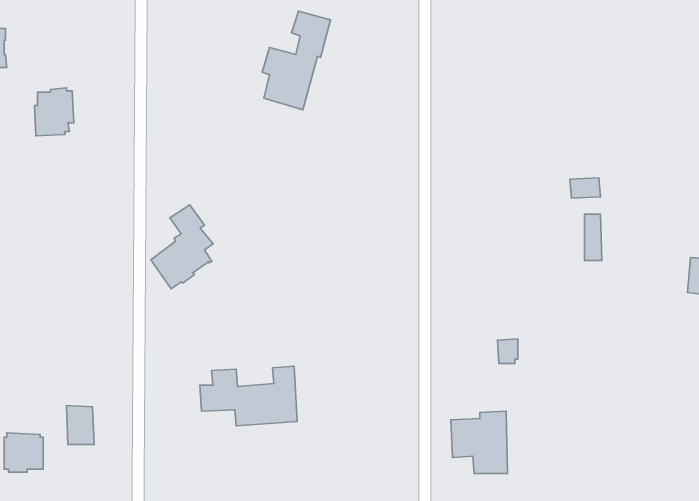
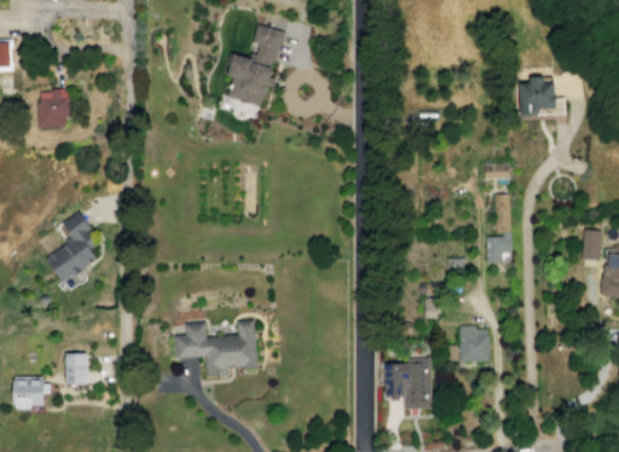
building: none -> [520,82,554,115]
building: [151,205,213,289] -> [46,213,98,283]
building: none -> [486,232,510,263]
building: none -> [458,328,488,361]

